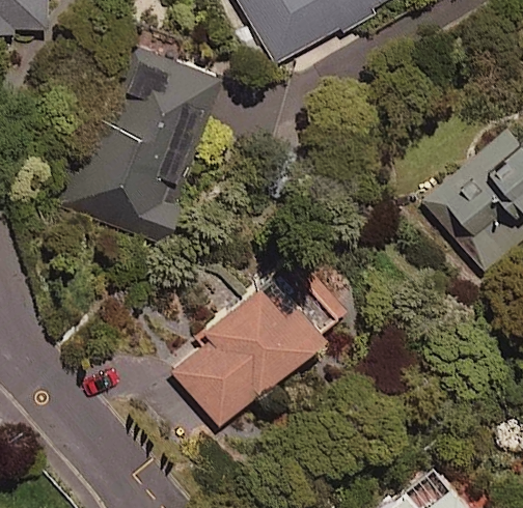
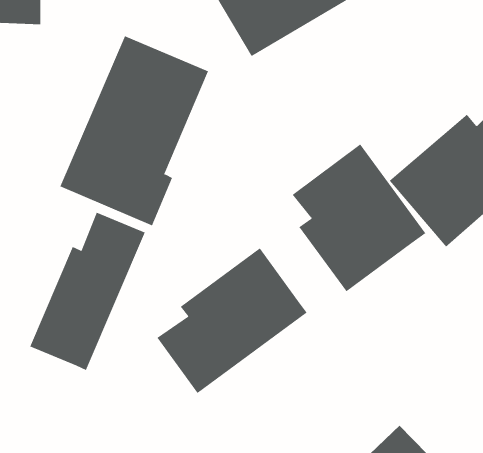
building: none -> [292,143,426,292]
building: none -> [30,212,145,371]

